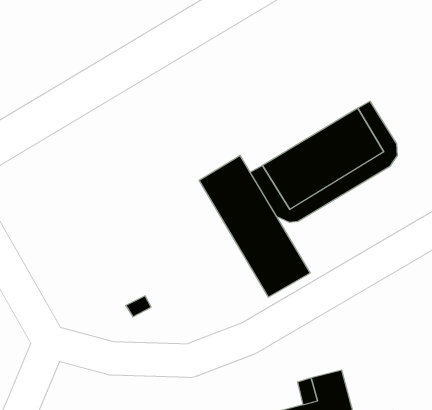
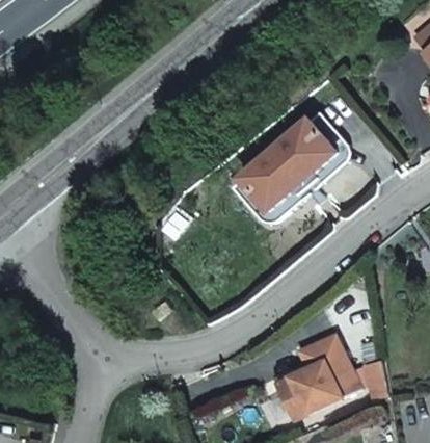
building: [199,155,310,297] -> none

